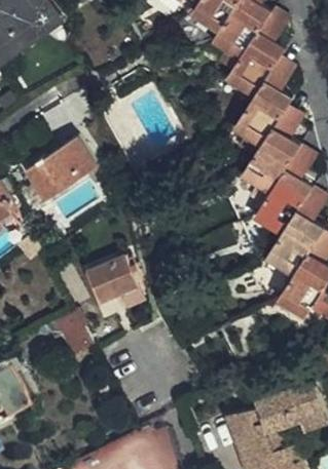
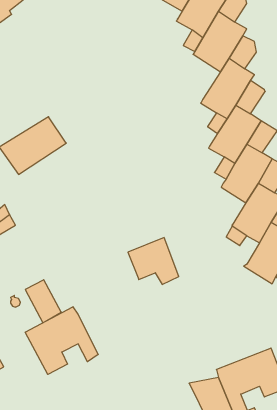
building: [84,260,138,309] -> [128,238,179,284]
building: none -> [25,307,98,374]

